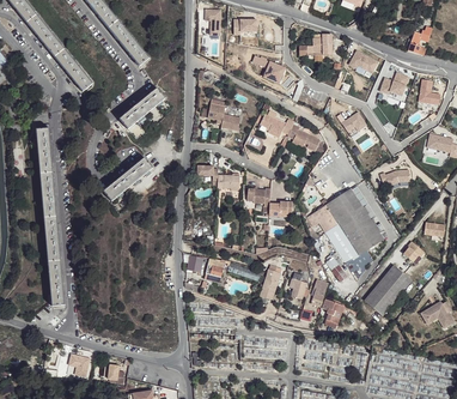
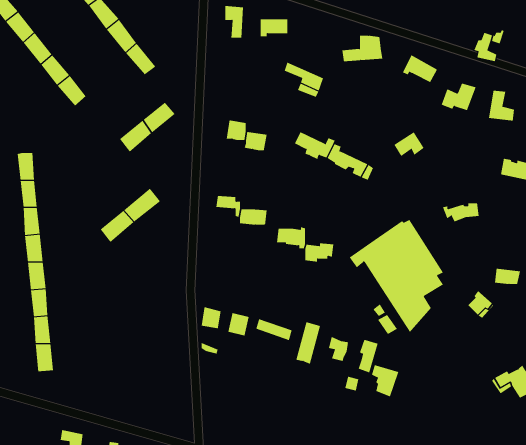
building: [365,264,414,315] -> none

